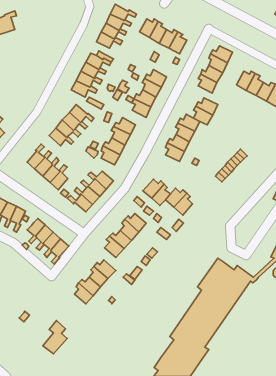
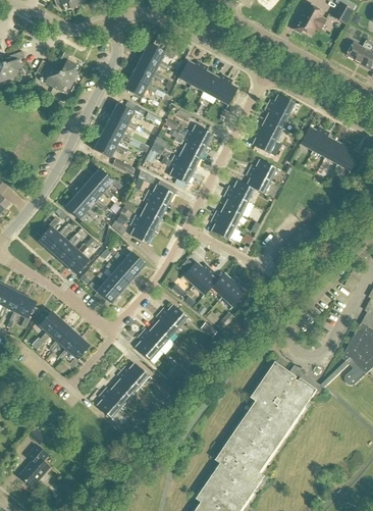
building: none -> [37,50,82,94]
building: [43,321,67,354] -> [19,444,50,486]

